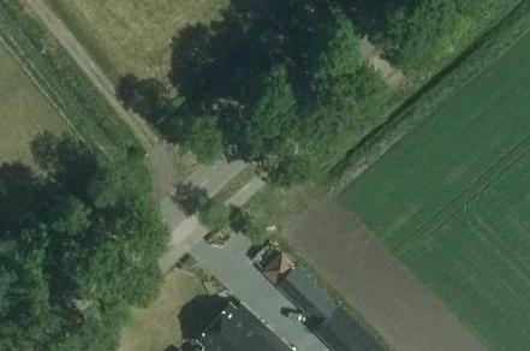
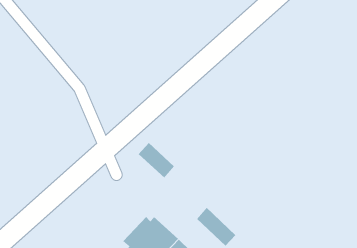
building: [266,258,317,309] -> [138,142,175,178]

